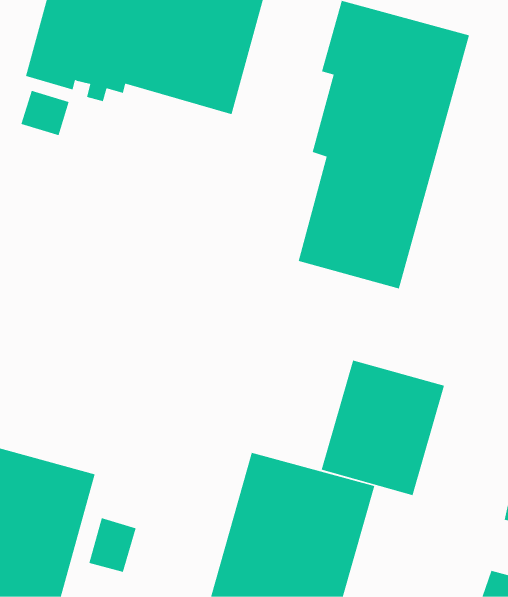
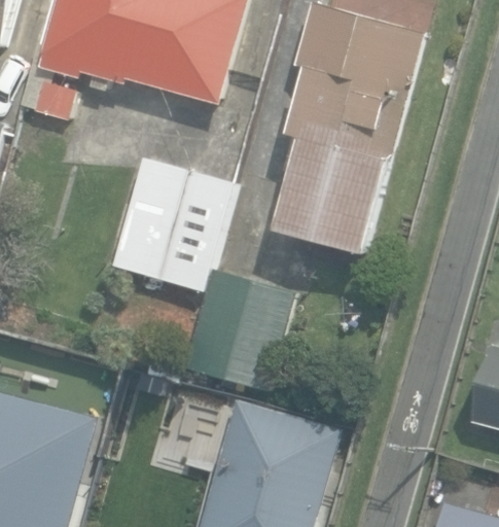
building: none -> [111,156,230,290]
building: [321,360,445,496] -> [184,268,293,387]

